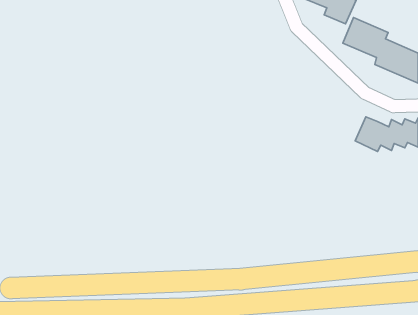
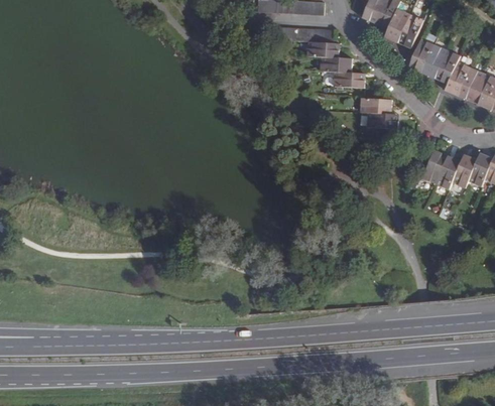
building: none -> [279,24,365,90]
building: none -> [360,98,399,130]

